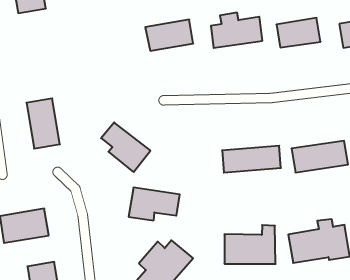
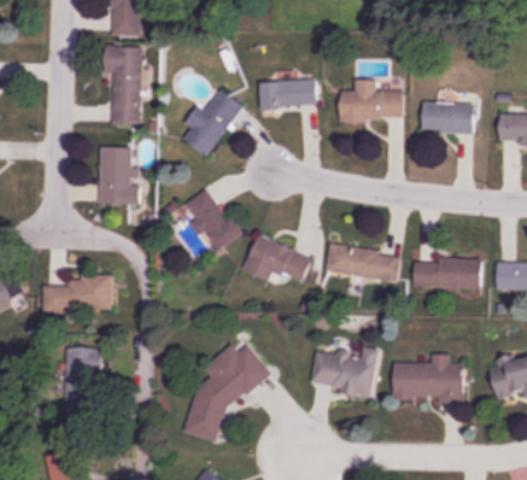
building: none -> [104,45,141,125]
building: none -> [182,90,242,156]
building: [129,188,180,220] -> [244,238,311,282]

